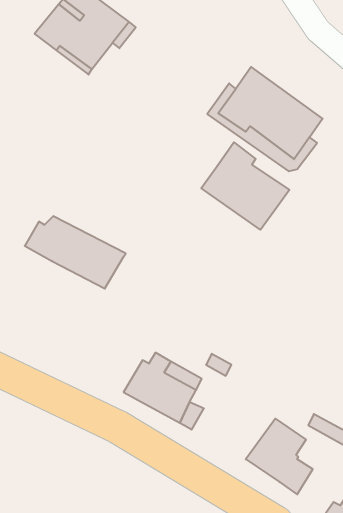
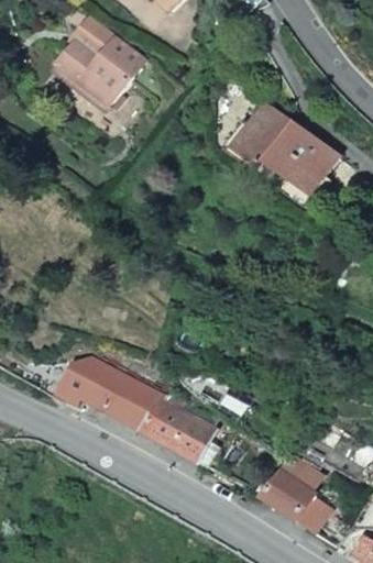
building: [201,142,289,230] -> none
building: [25,216,126,289] -> [59,356,161,429]

